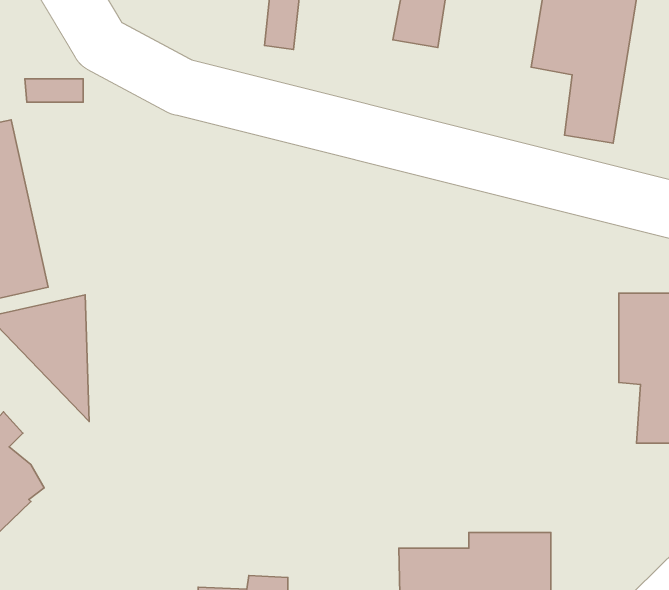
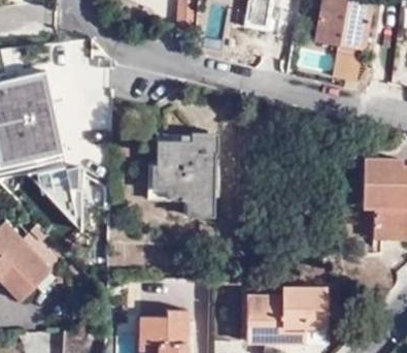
building: none -> [156,136,217,219]

